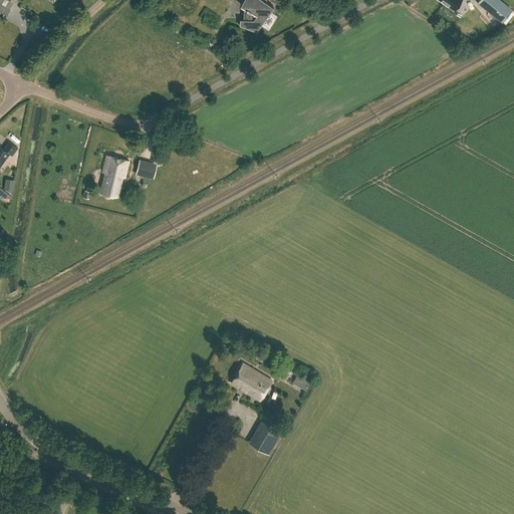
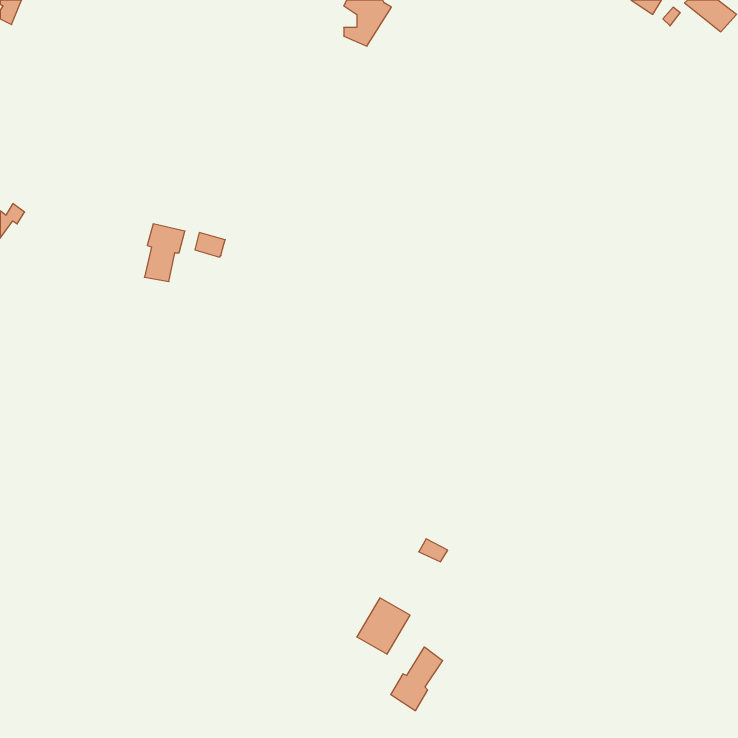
building: [231,362,271,401] -> none
building: none -> [391,647,443,711]

